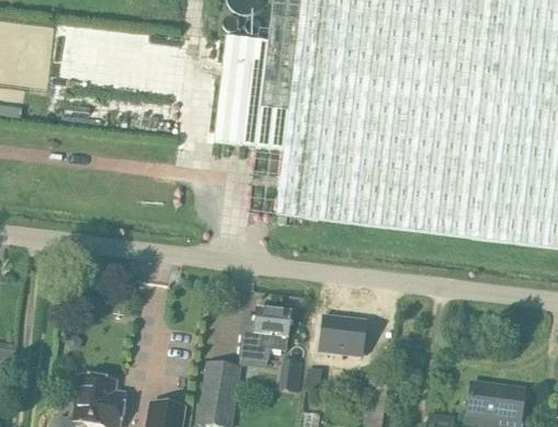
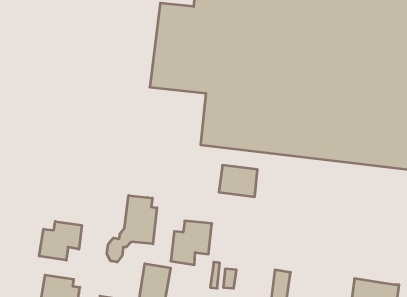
building: none -> [107,195,157,262]
building: none -> [39,221,82,260]
building: [318,318,366,357] -> [219,165,257,197]

